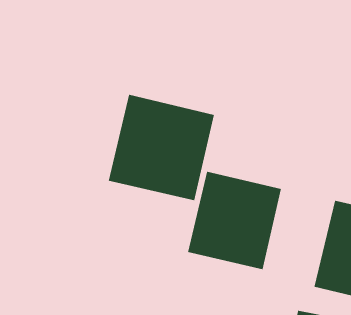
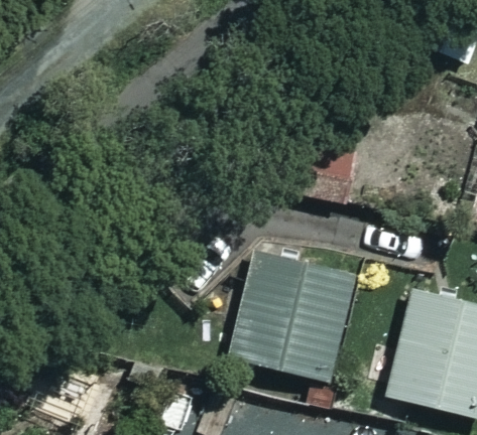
building: [108,94,215,201] -> none

